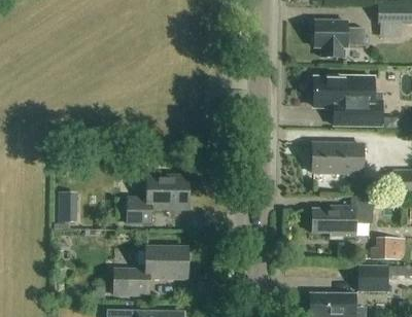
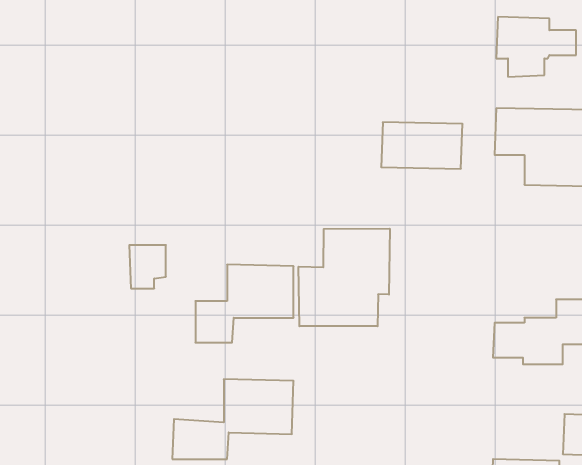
building: [313,144,364,173] -> [381,122,463,169]
building: none -> [299,229,390,326]
building: [56,197,78,223] -> [129,245,166,288]

